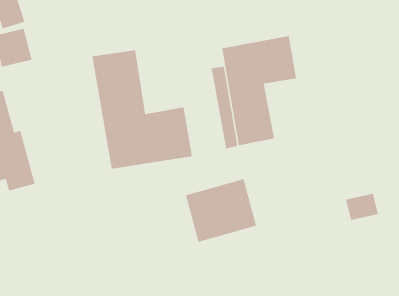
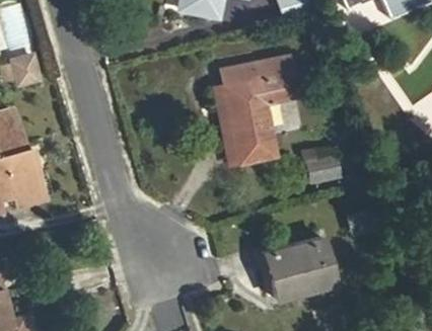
building: [92,50,192,170] -> none
building: none -> [305,153,343,183]
building: [185,178,257,243] -> [265,236,334,298]

